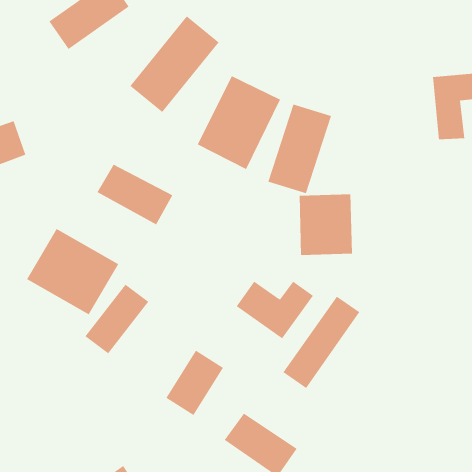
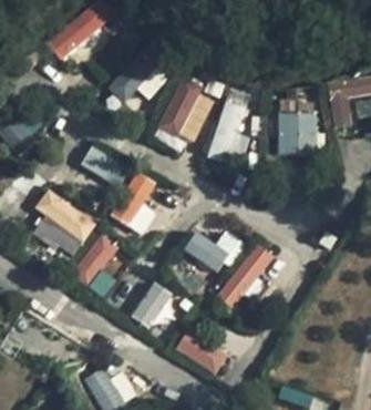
building: [299,194,353,255] -> [277,111,317,156]
building: none -> [110,170,157,234]

